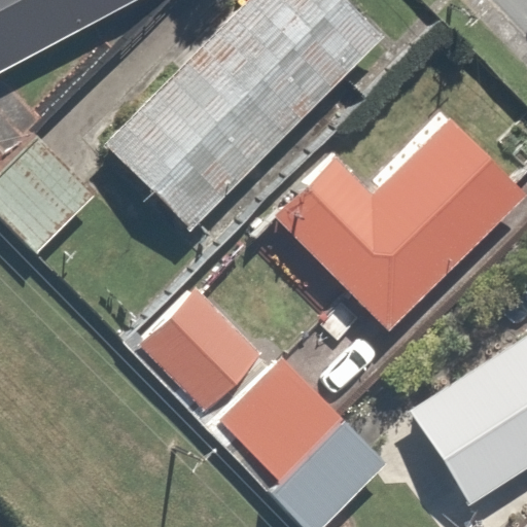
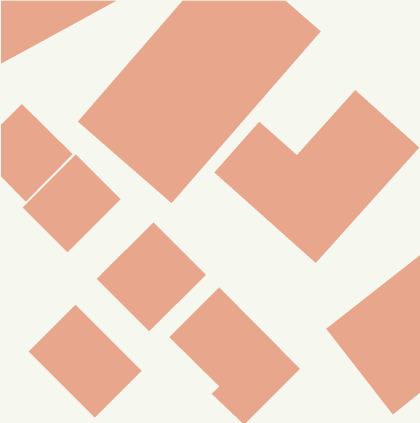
building: none -> [22,154,122,253]
building: none -> [28,304,143,418]

